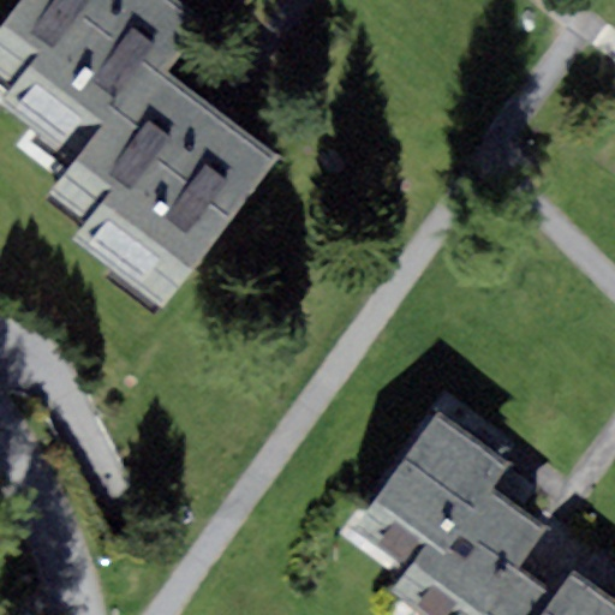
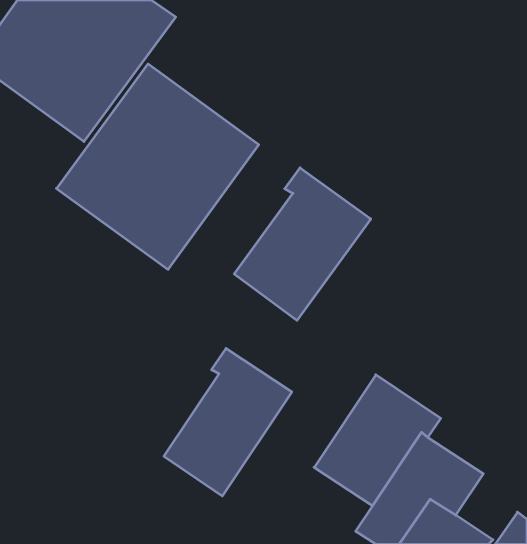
building: none -> [234,168,371,320]
building: none -> [164,348,292,496]

